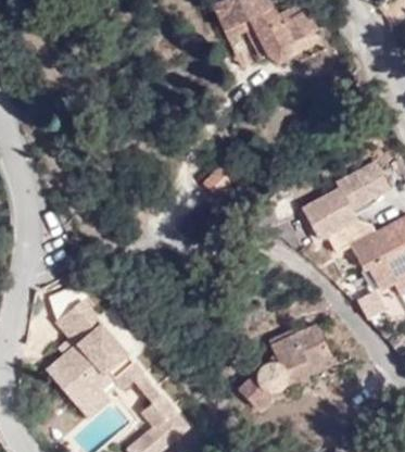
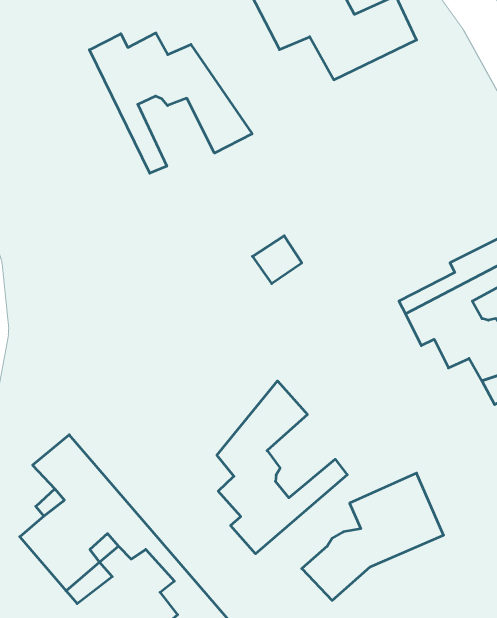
building: none -> [89,33,252,173]
building: none -> [217,381,347,554]

